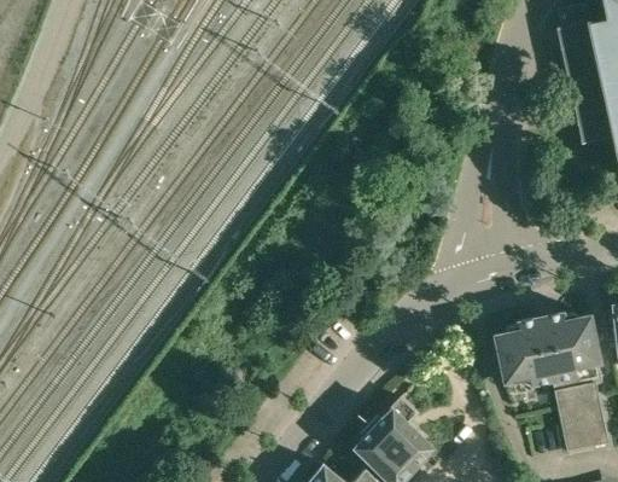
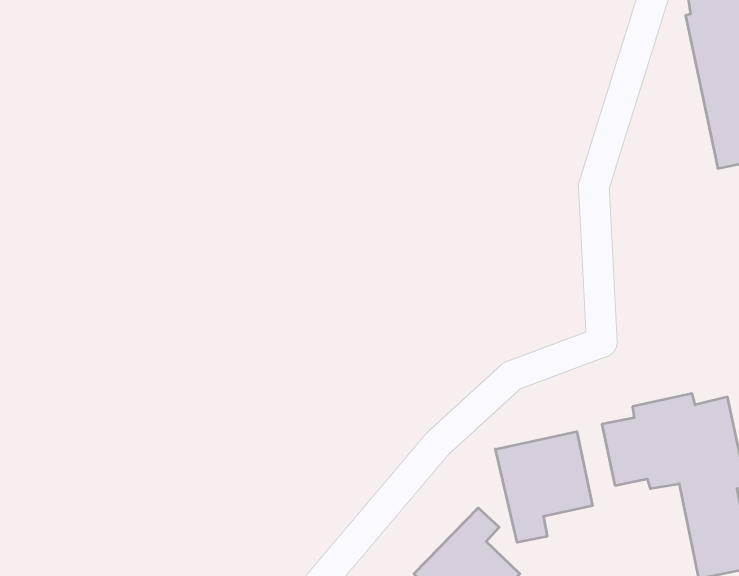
building: none -> [495,432,592,542]

